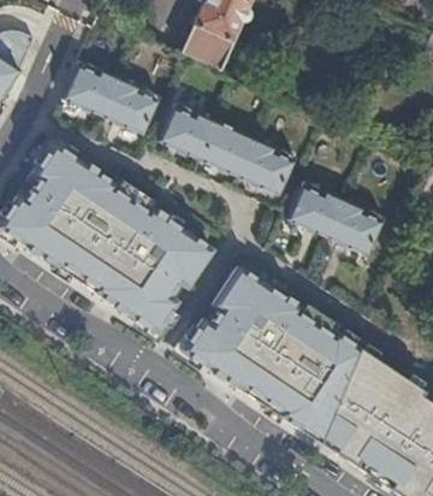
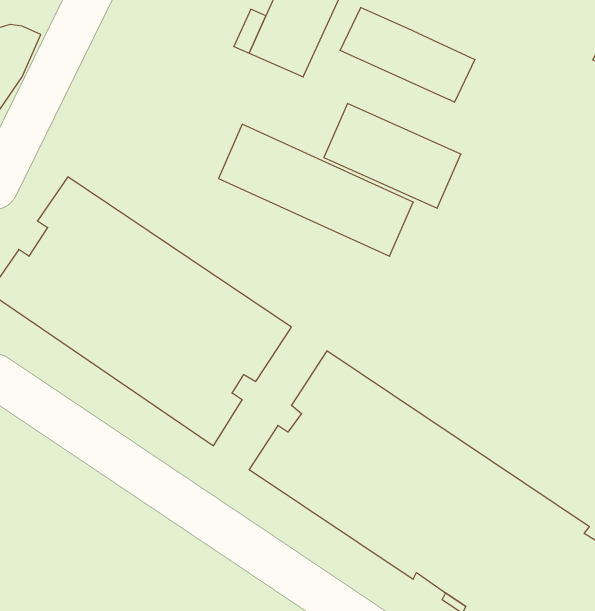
building: none -> [340,7,475,102]
building: [64,60,162,136] -> none
building: [289,183,386,258] -> [324,103,461,208]

